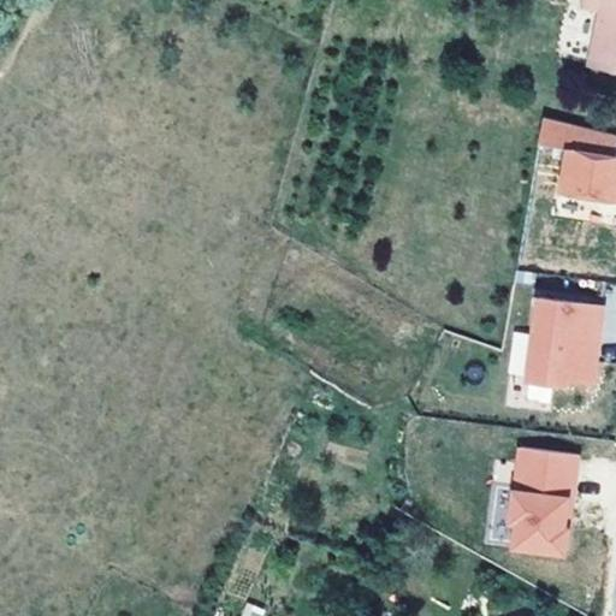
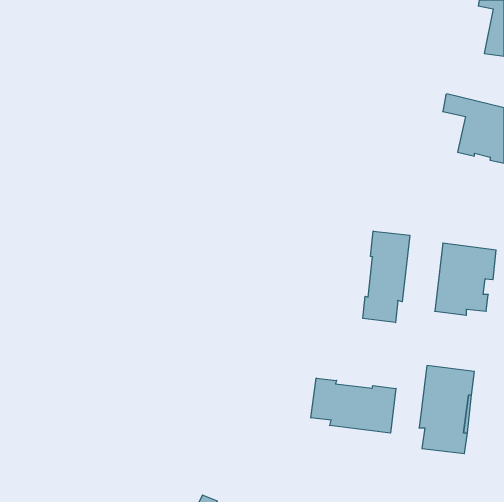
building: none -> [363,231,410,323]
building: none -> [311,378,396,433]

